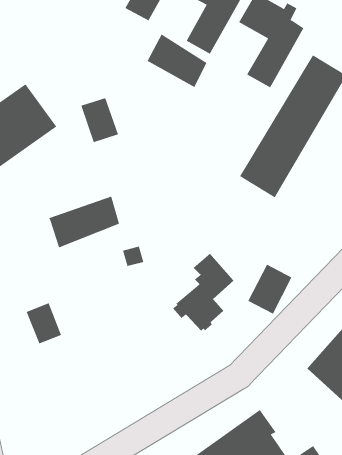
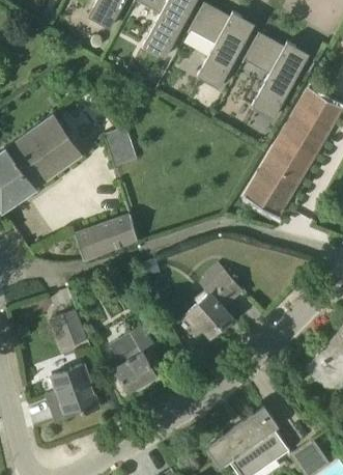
building: [146,34,207,88] -> none
building: [248,264,292,315] -> none
building: none -> [110,326,155,392]
building: none -> [46,365,97,422]

